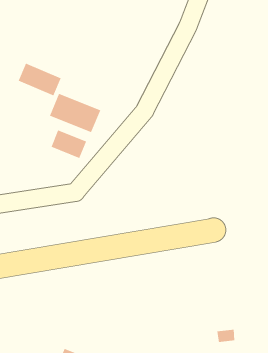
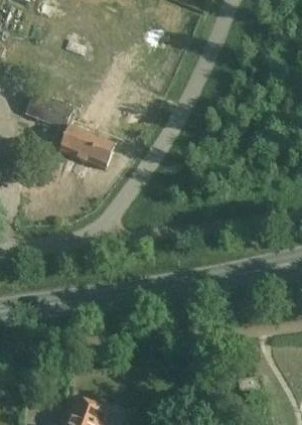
building: [51,129,87,159] -> none

